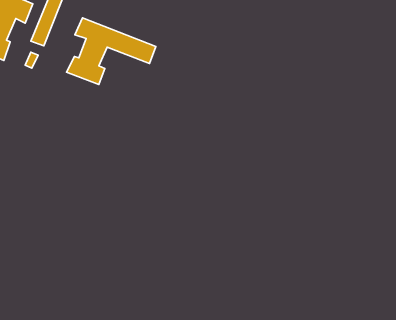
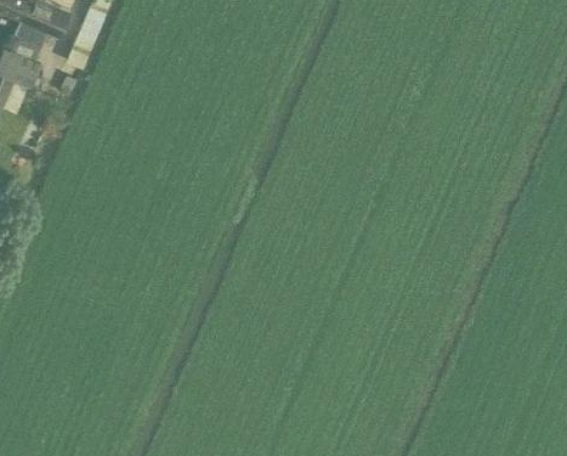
building: [67,18,156,85] -> none

